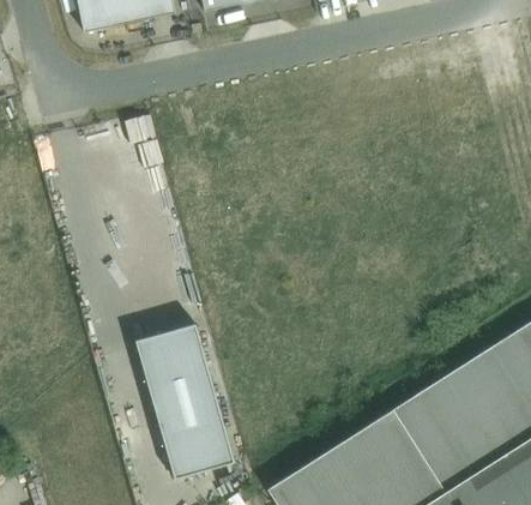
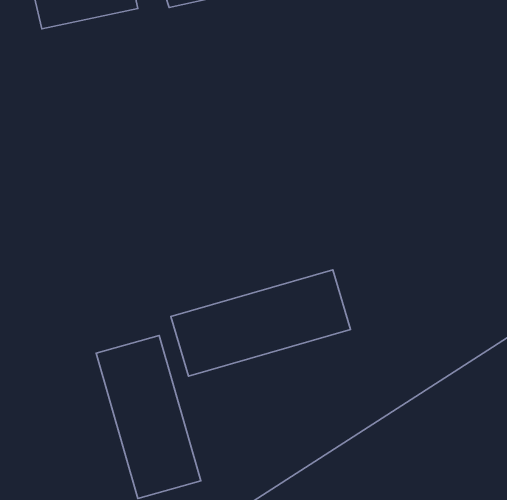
building: none -> [171,270,351,376]

